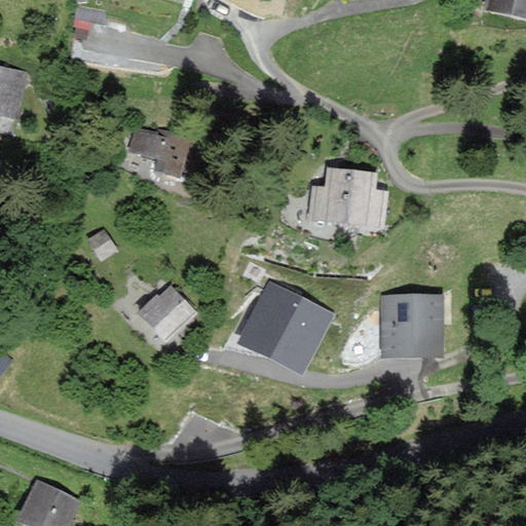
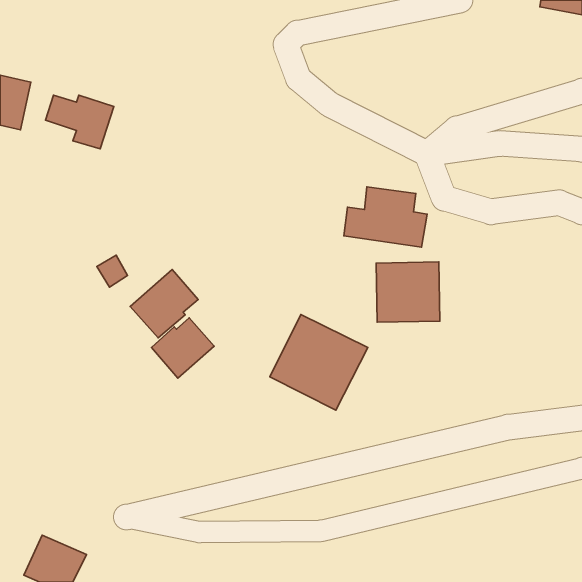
building: [127,132,189,180] -> [46,95,114,149]
building: none -> [130,270,198,338]
building: [384,297,442,351] -> [376,262,440,322]

